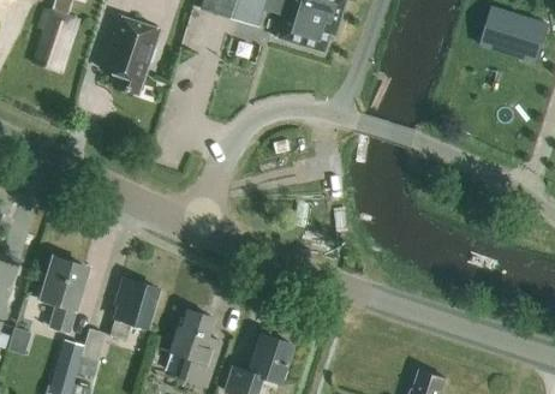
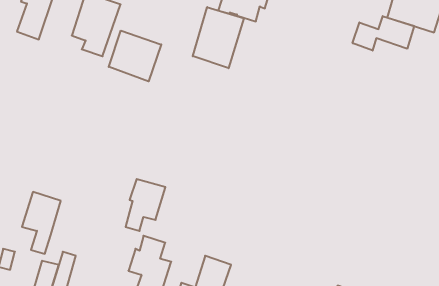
building: none -> [193,7,244,68]
building: none -> [353,16,414,51]
building: none -> [109,31,161,81]
building: [109,279,157,341] -> [126,179,165,231]

